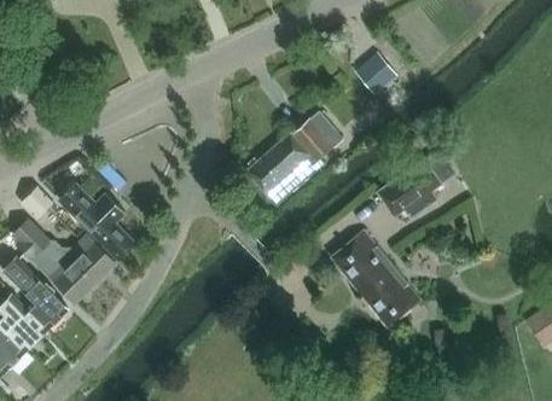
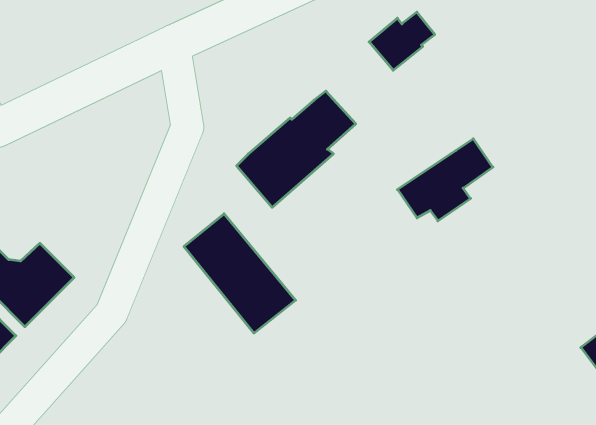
building: [60,182,135,260] -> none
building: [330,229,420,326] -> [184,214,296,333]

